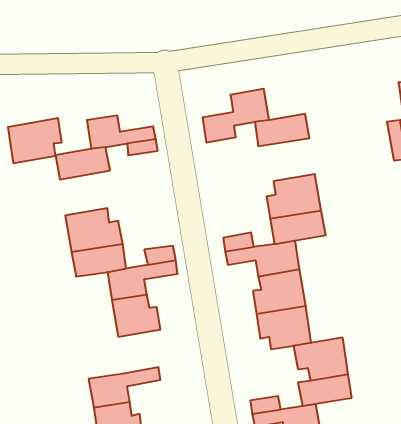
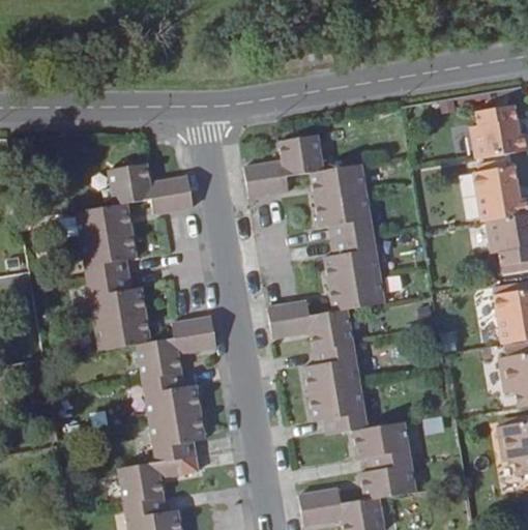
building: [8,118,62,163] -> [81,229,143,281]
building: none -> [310,192,375,241]
building: none -> [148,412,202,463]

